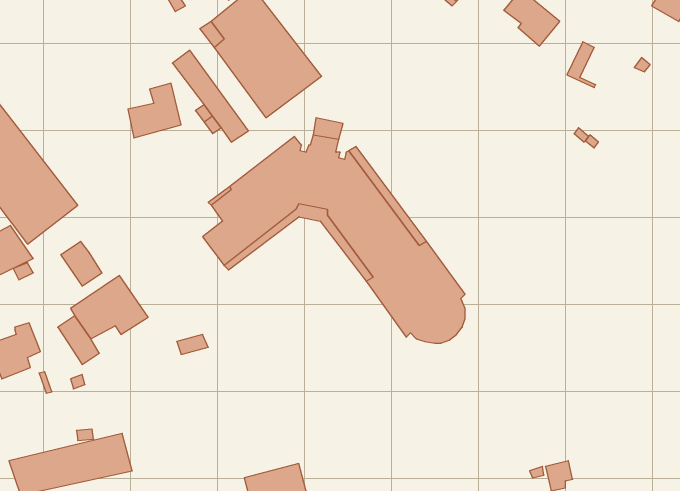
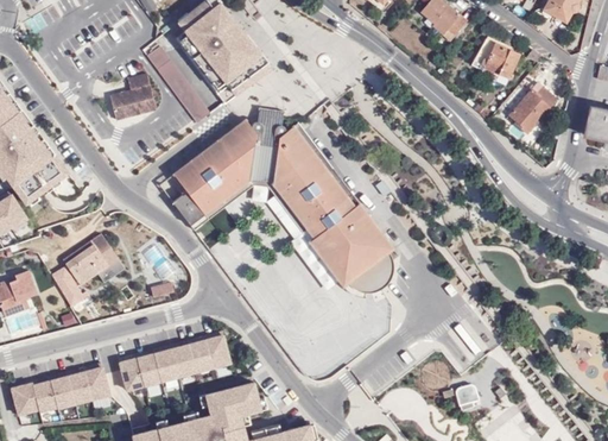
building: none -> [483,43,519,78]
building: none -> [507,86,556,134]
building: [61,241,102,286] -> none
building: none -> [118,328,233,389]

